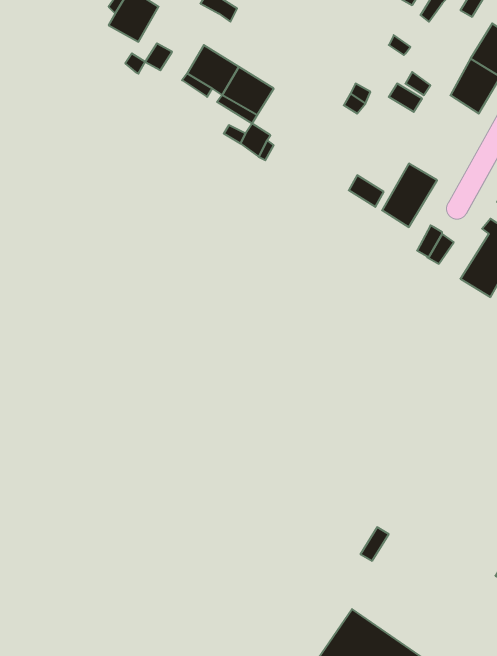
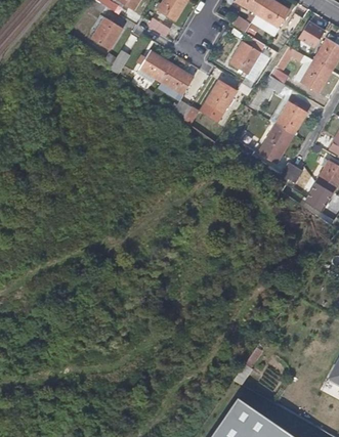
building: none -> [229,41,260,74]
building: none -> [205,80,235,112]
building: none -> [276,102,306,134]

